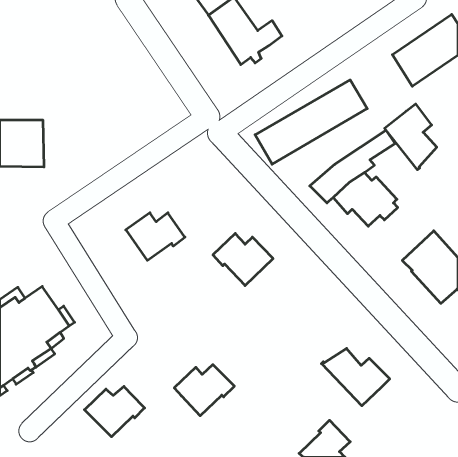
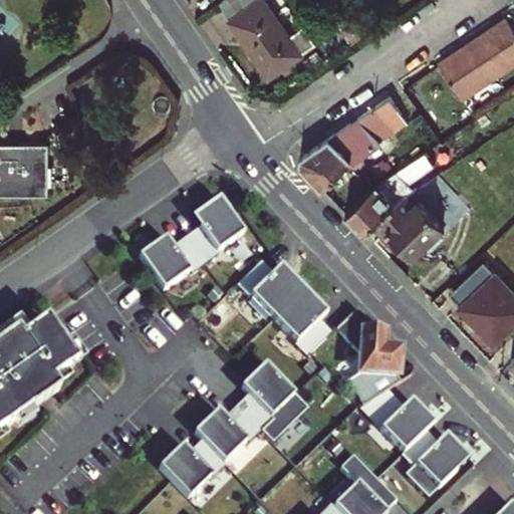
building: [385,104,437,170] -> none
building: none -> [188,200,246,265]
building: none -> [274,289,333,359]
building: none -> [337,307,400,406]
building: none -> [238,364,309,445]
building: [84,386,145,437] -> [159,443,226,499]
building: none -> [403,433,470,489]

